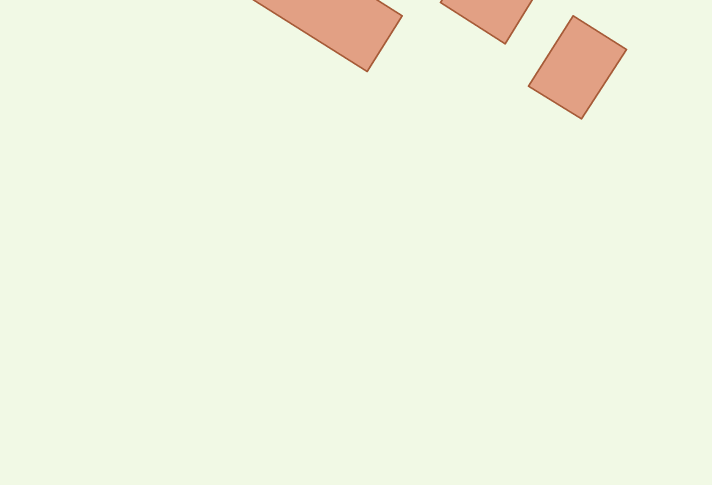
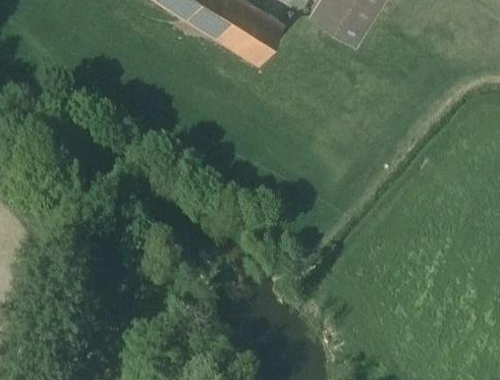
building: [528,16,626,119] -> none

